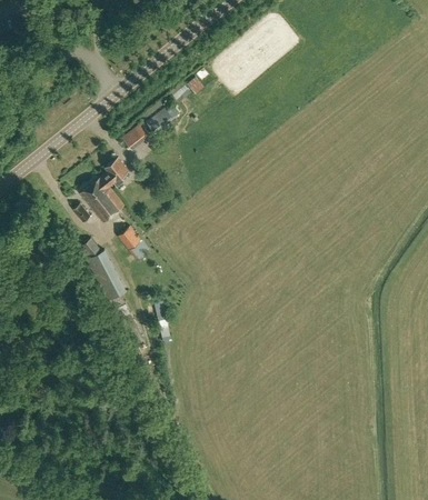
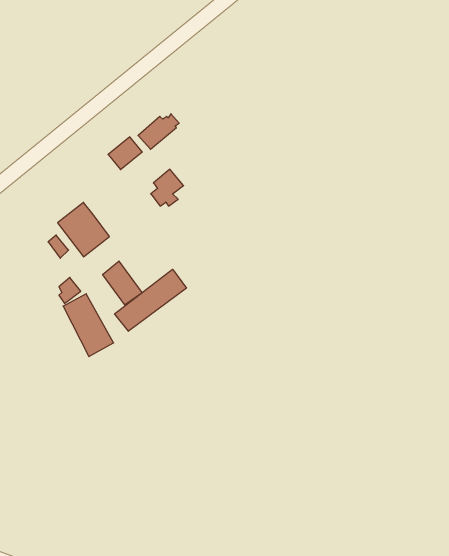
building: [101,157,128,187] -> [151,169,184,206]
building: none -> [115,269,186,331]

